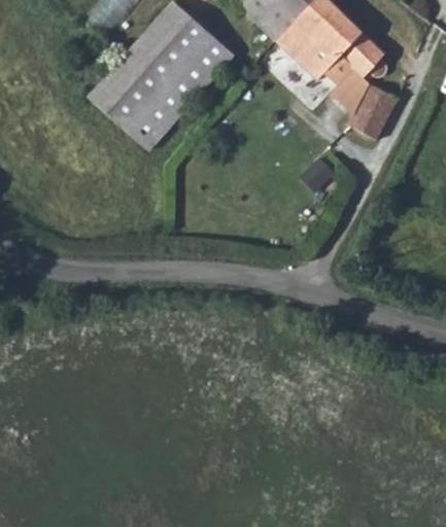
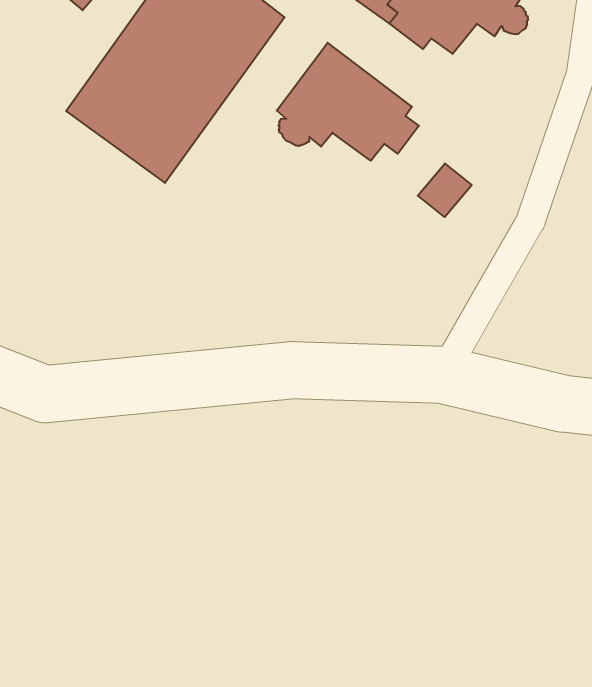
building: none -> [277,43,419,161]
building: [346,84,396,141] -> none

